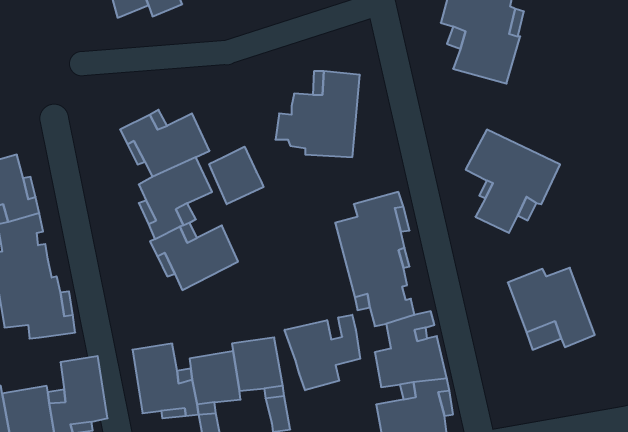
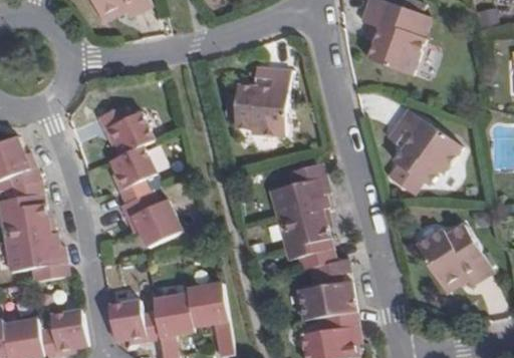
building: [209,147,264,204] -> none
building: [285,315,360,390] -> none

